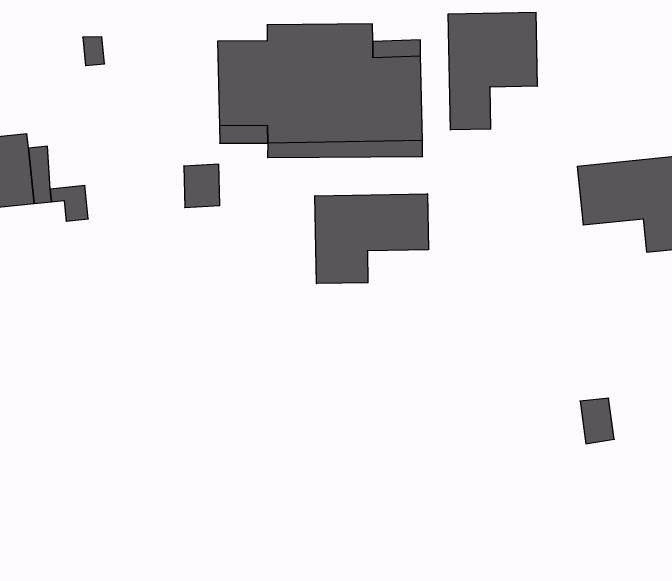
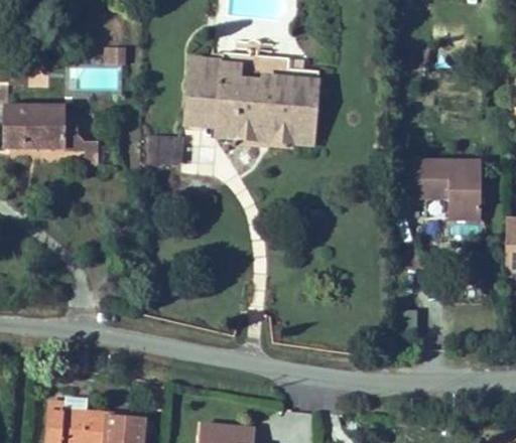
building: [448,12,537,130] -> none
building: [315,194,428,284] -> none

